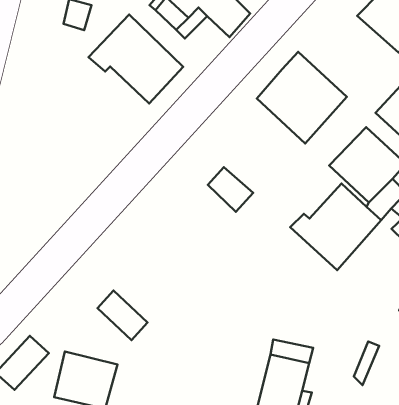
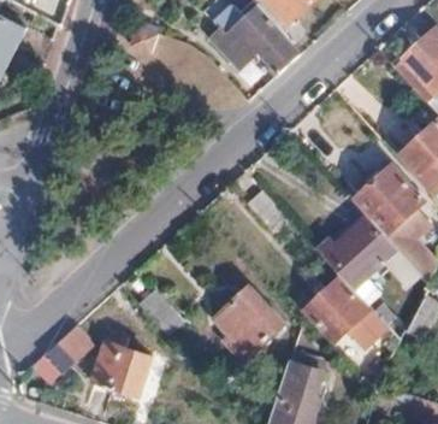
building: [89,15,183,104] -> none
building: [257,52,347,144] -> none
building: none -> [303,277,387,340]
building: none -> [213,285,284,355]

